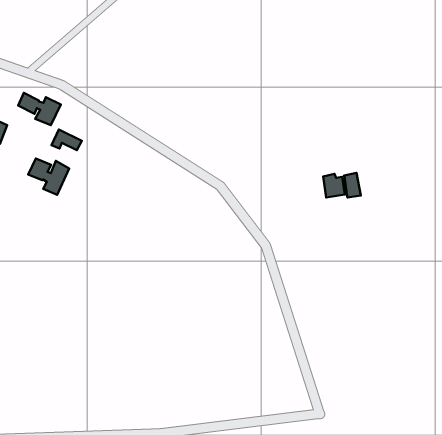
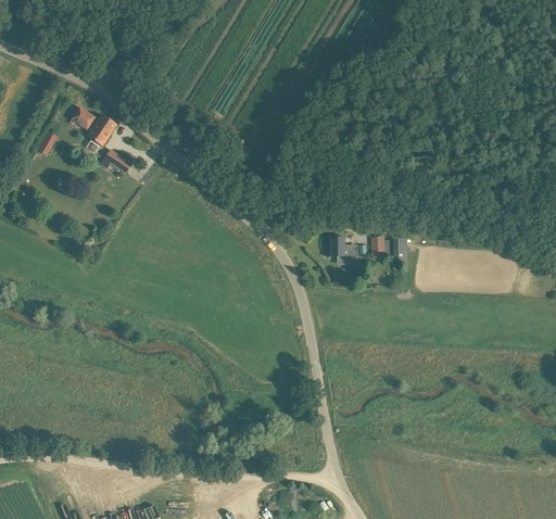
building: [28,159,69,195] -> none
building: none -> [326,238,358,264]

